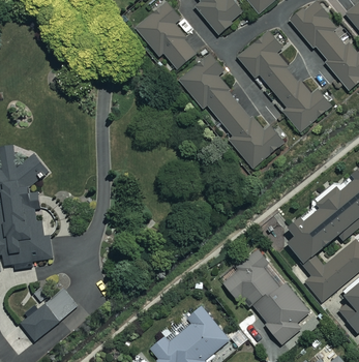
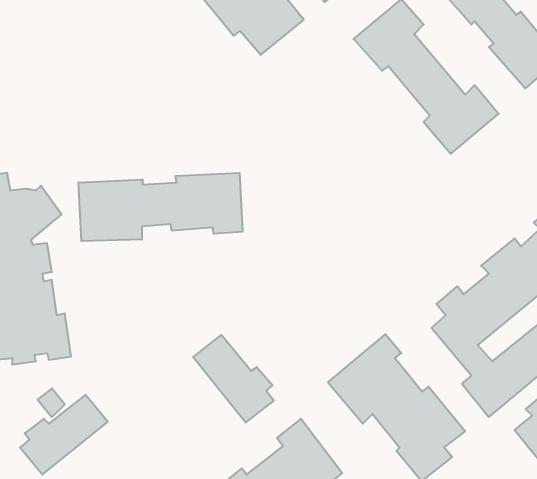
building: [177,51,282,168] -> none
building: none -> [78,173,243,241]
building: none -> [193,335,274,423]

